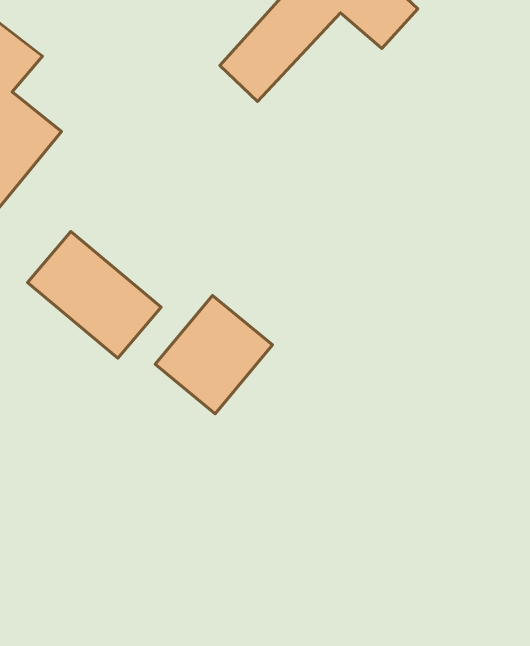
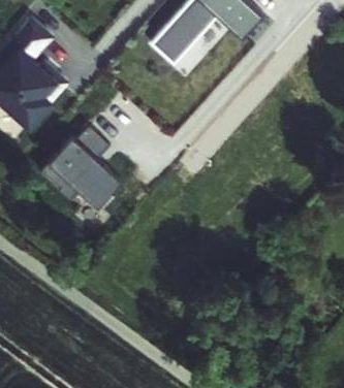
building: [155,295,273,414] -> none

